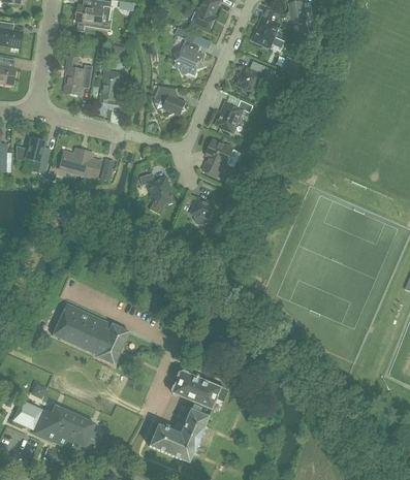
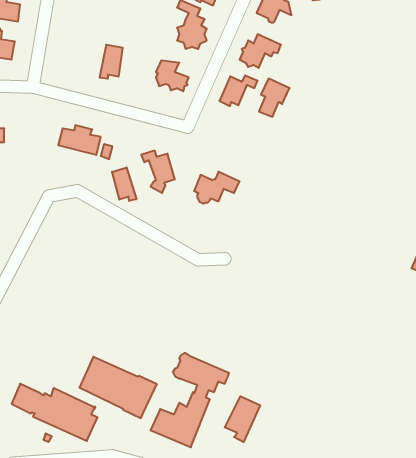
building: [63,55,92,94] -> none
building: [14,136,48,172] -> none
building: [202,138,232,175] -> [259,79,290,117]
building: none -> [112,167,136,201]
building: [53,303,128,363] -> [79,357,157,418]
building: none -> [225,396,260,442]

